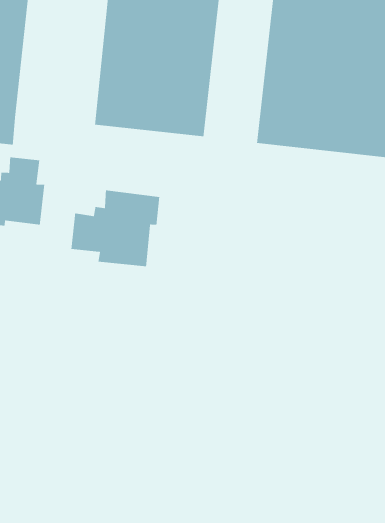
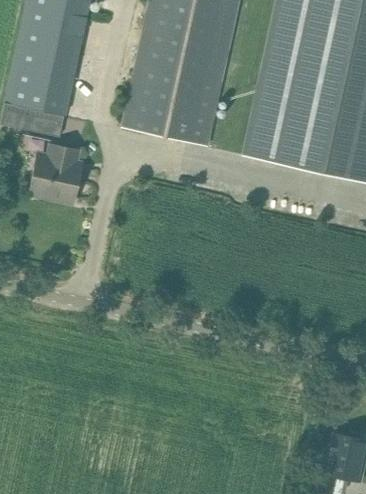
building: [71,190,160,267] -> none

